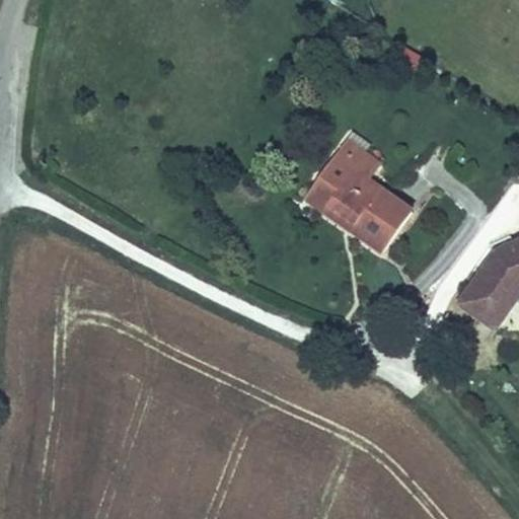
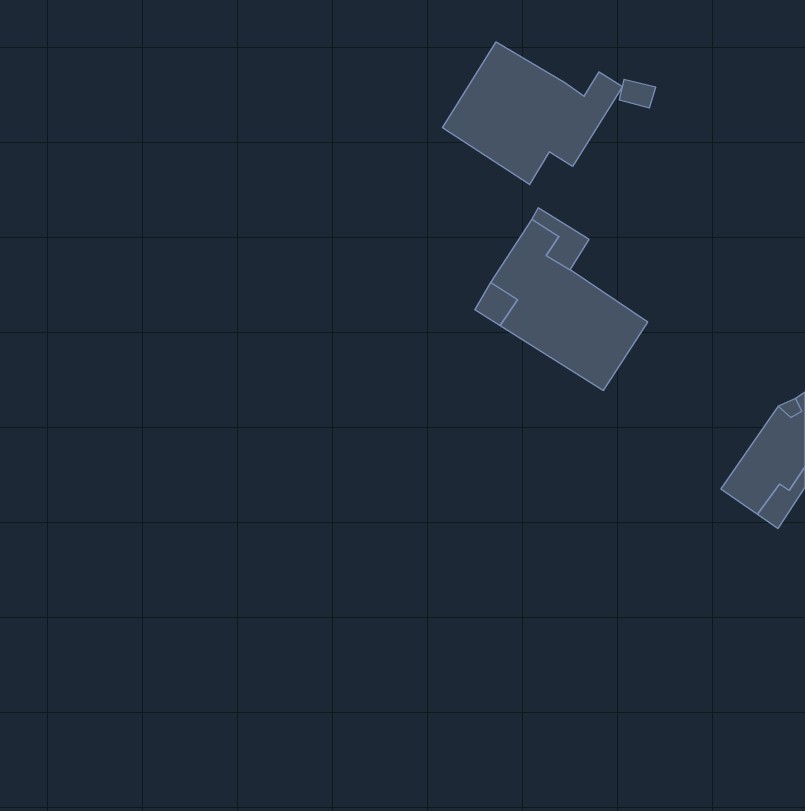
building: none -> [442,42,622,185]

